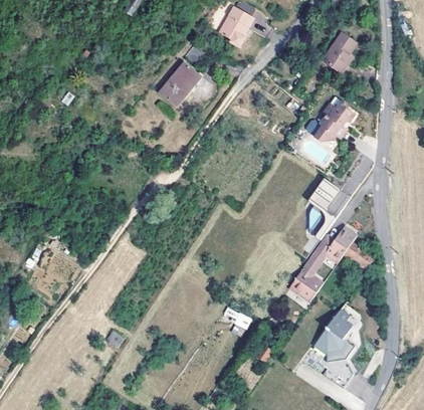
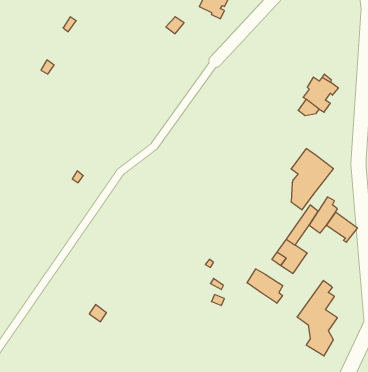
building: [323,33,357,74] -> none
building: [158,61,200,107] -> none
building: none -> [247,269,283,303]

